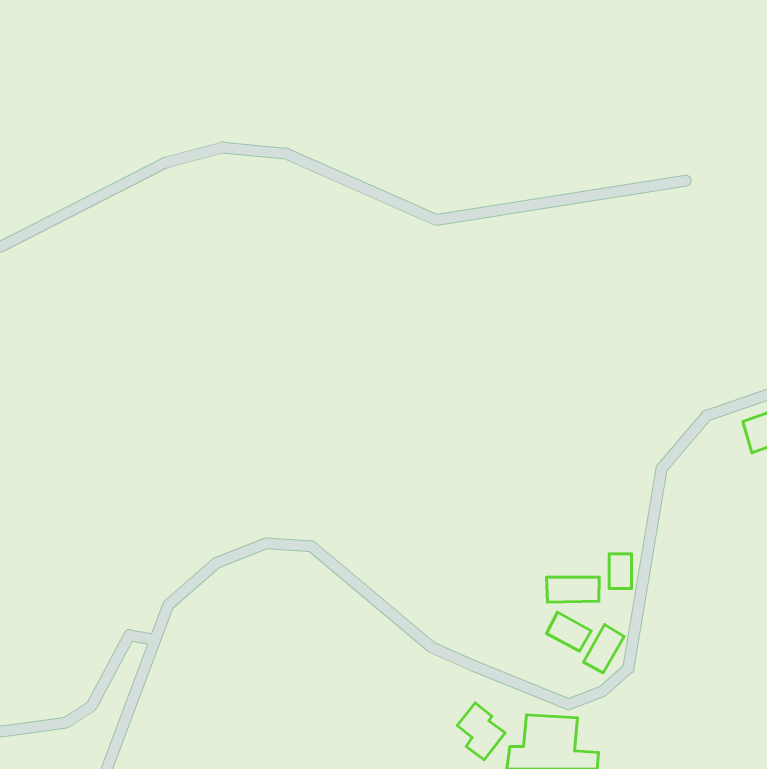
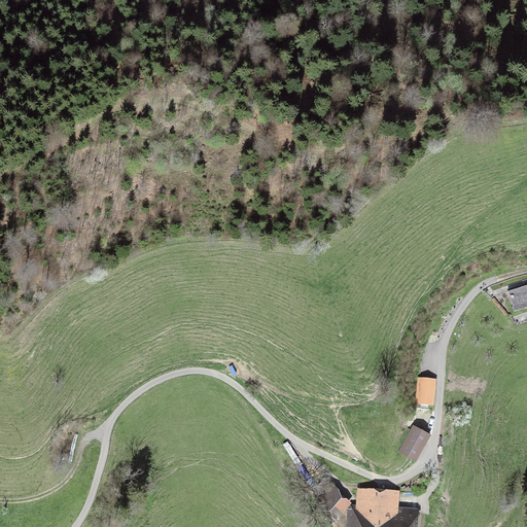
building: [546,577,599,602] -> none
building: [546,612,591,651] -> none

